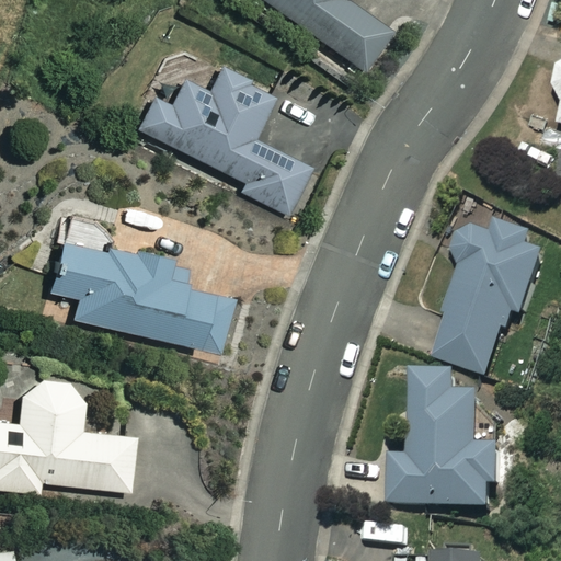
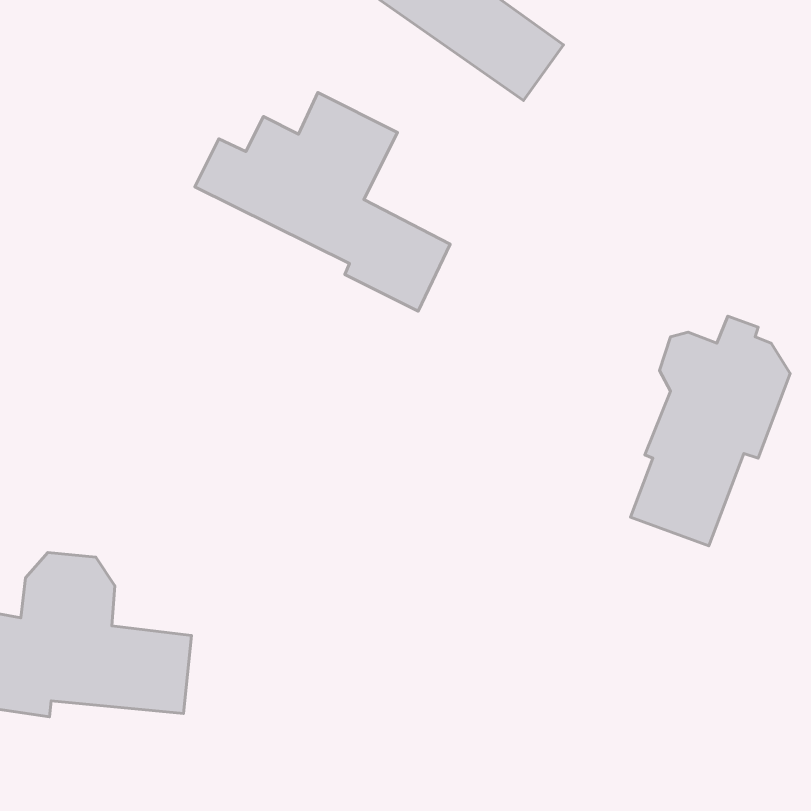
building: [45,238,233,353] -> none
building: [387,374,503,508] -> none

